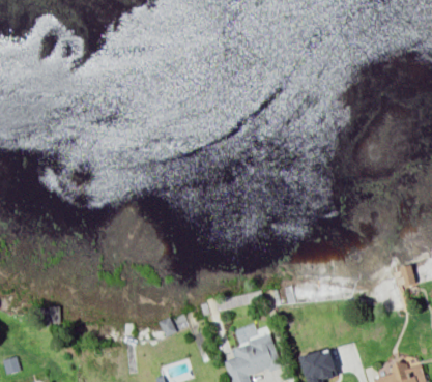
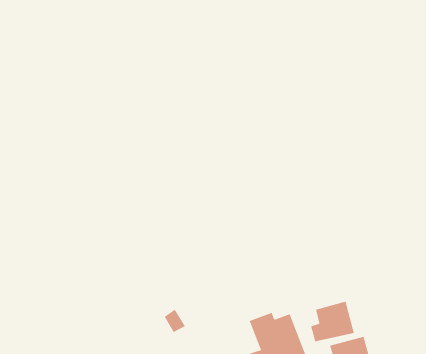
building: none -> [310,301,354,342]

